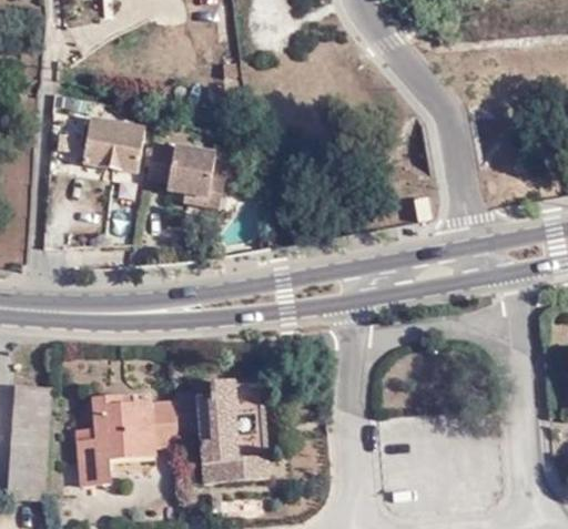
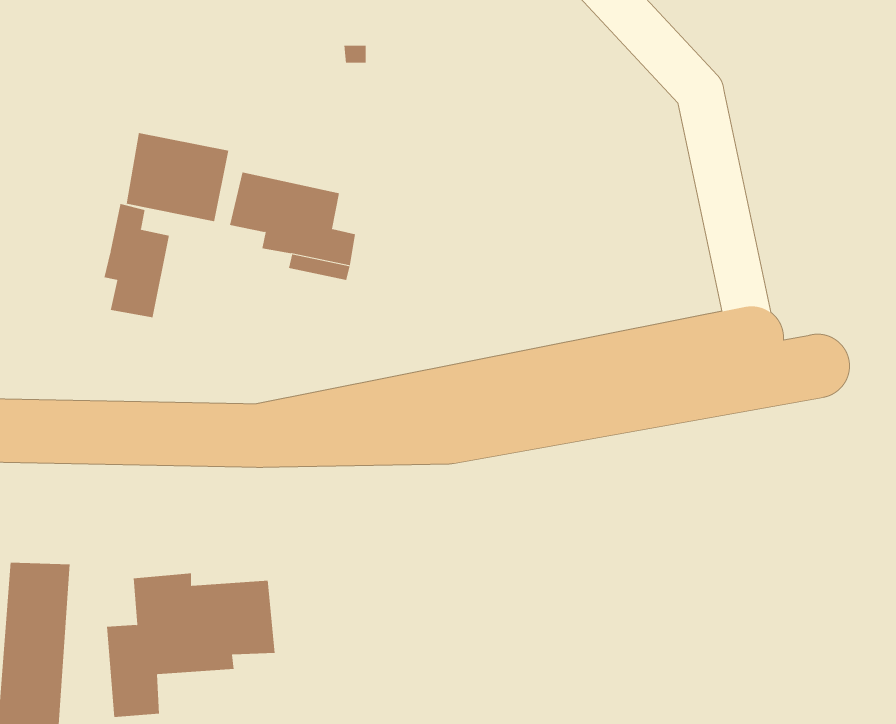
building: none -> [104,203,169,318]
building: [178,377,266,481] -> none

